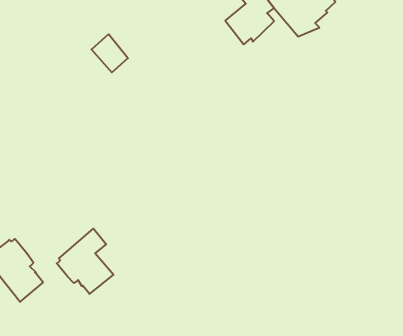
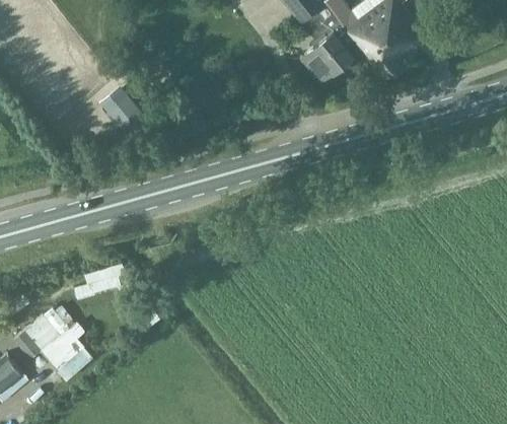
building: [91,34,128,72] -> [103,89,145,133]
building: [57,229,113,294] -> none

